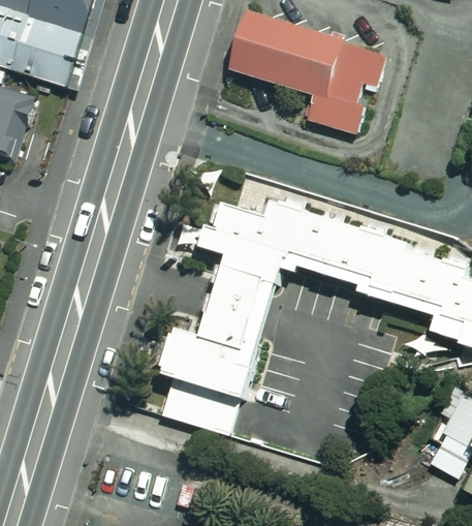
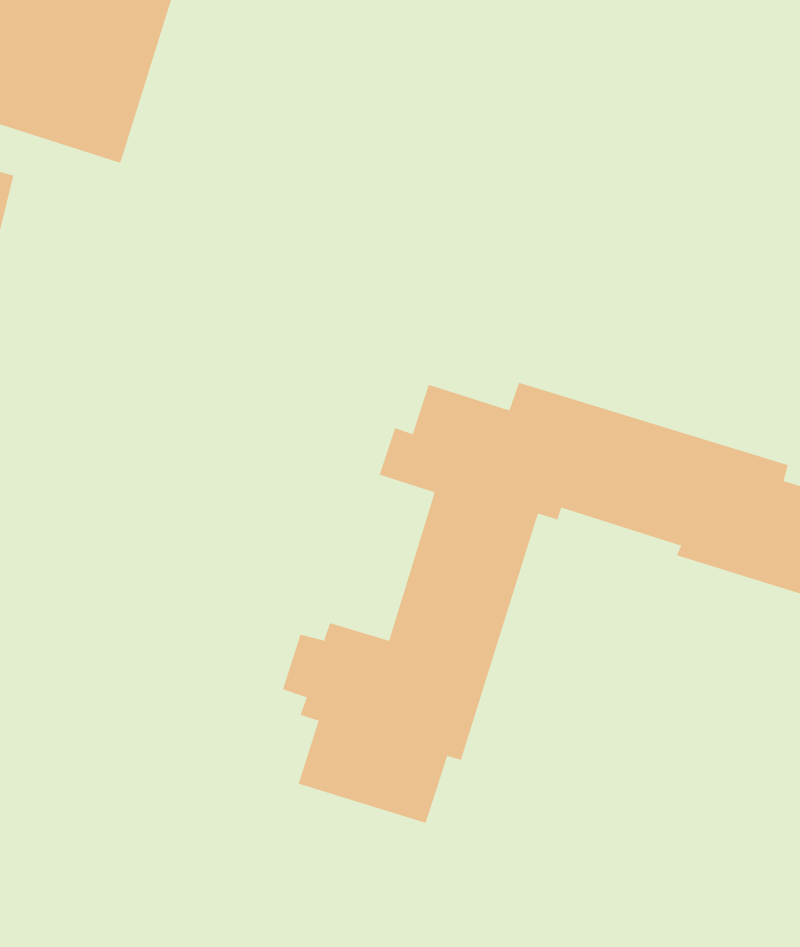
building: [225,9,365,127] -> none

